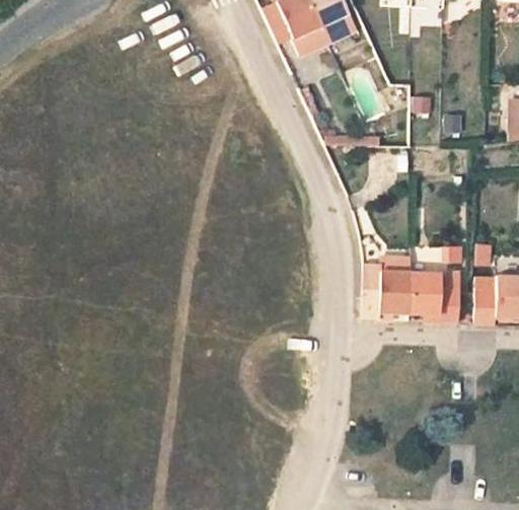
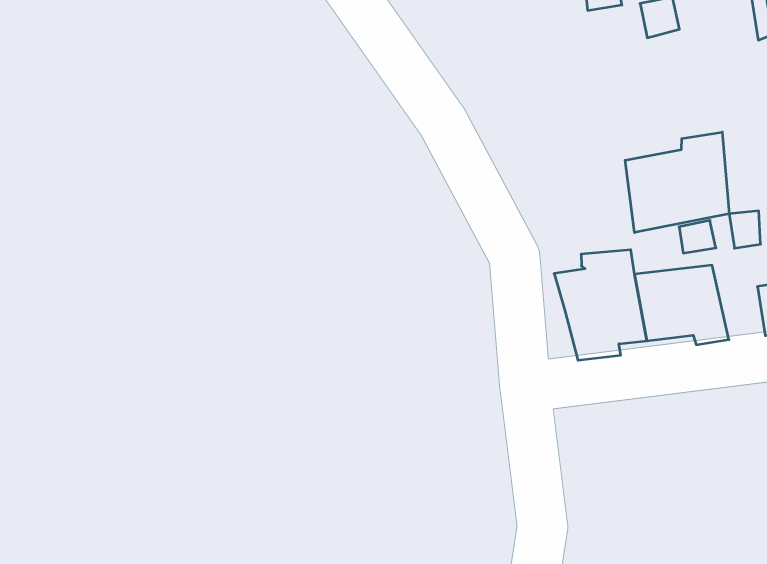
building: none -> [625,132,729,233]

